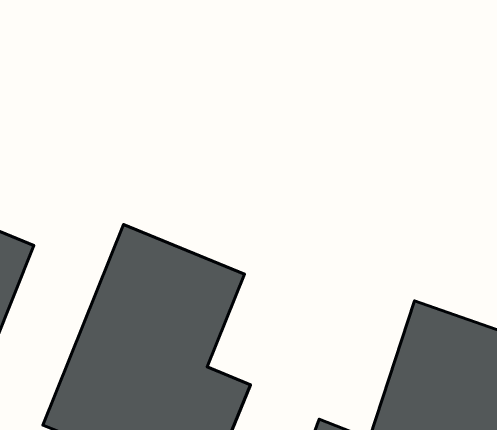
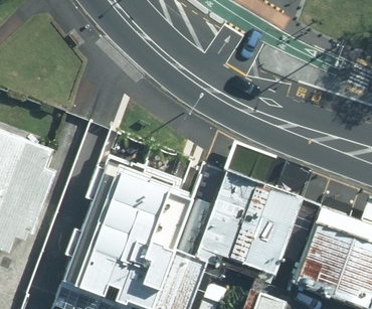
building: none -> [188,171,305,276]

